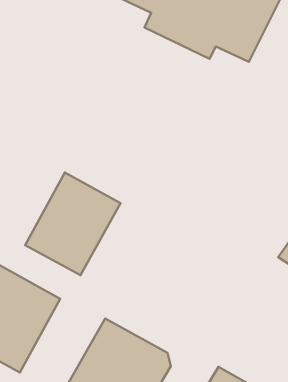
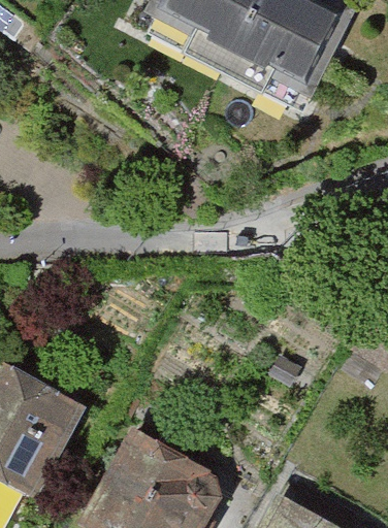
building: [25,173,120,275] -> none

